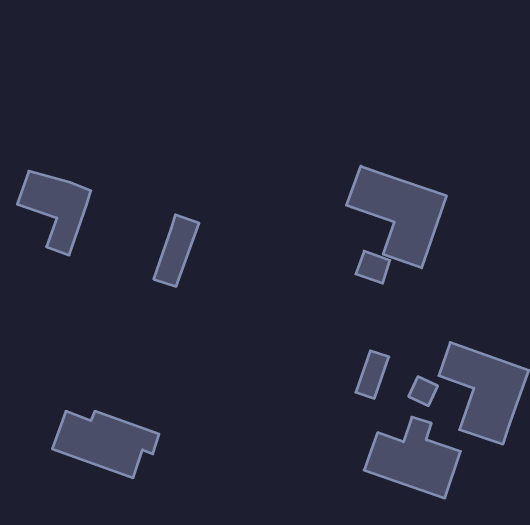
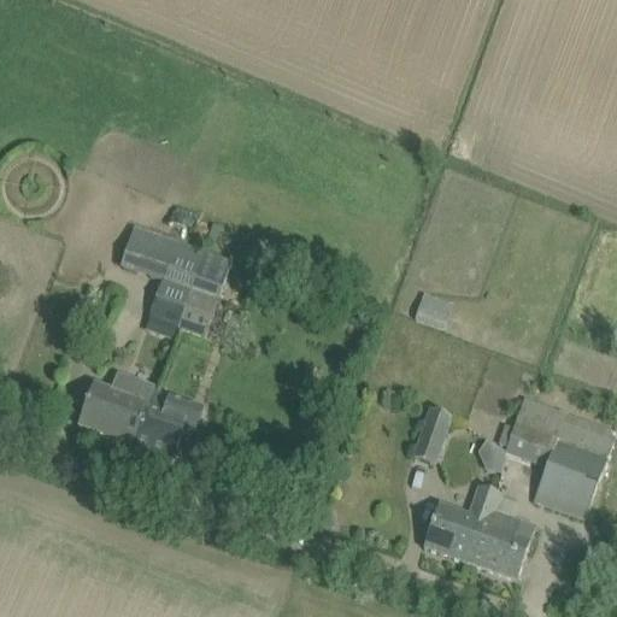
building: [346,166,446,268] -> none
building: [17,171,91,255] -> [118,227,204,324]
building: [52,411,159,478] -> [78,381,202,458]

